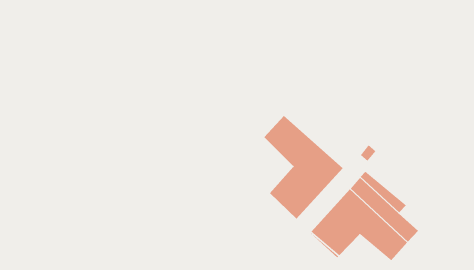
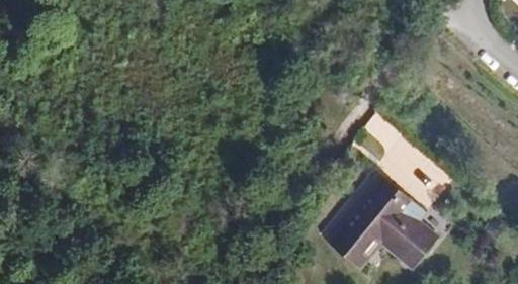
building: [263,115,343,220] -> none

